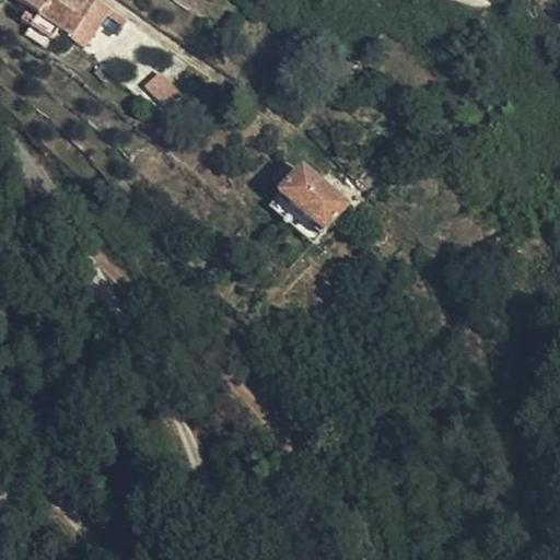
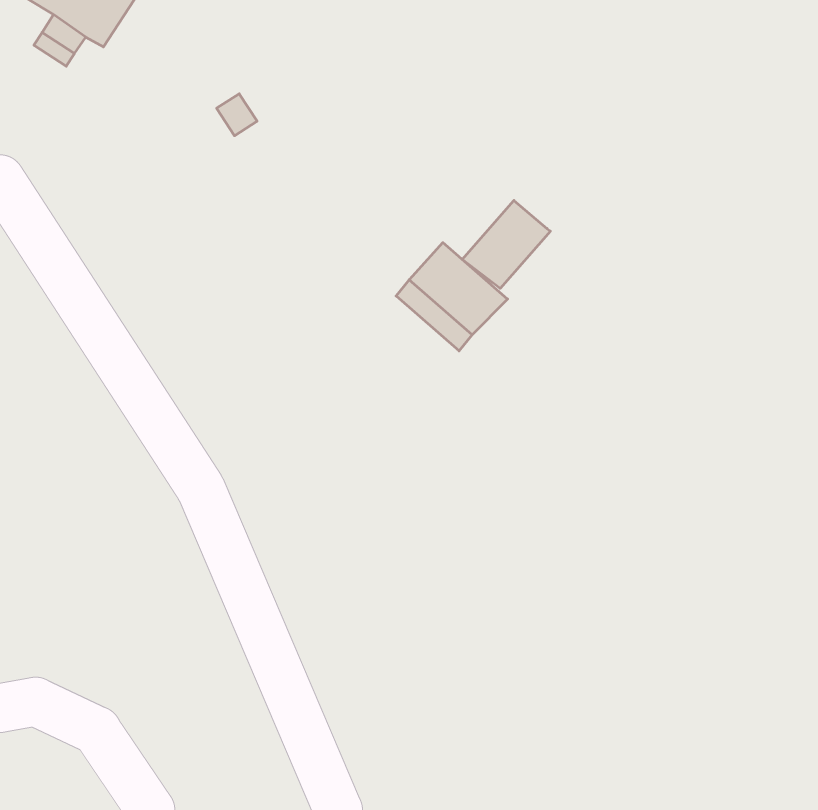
building: none -> [462,200,550,288]

